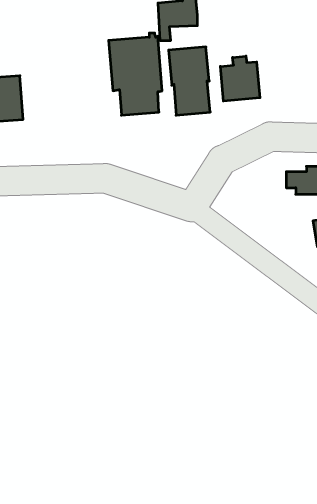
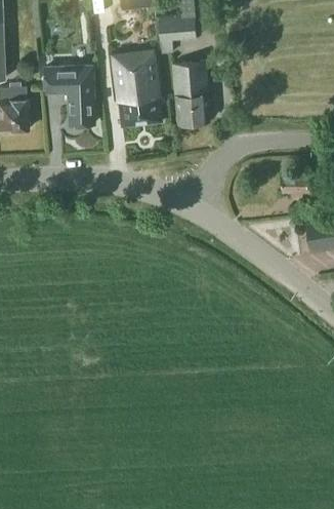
building: none -> [44,65,94,126]
building: [220,56,260,101] -> none

